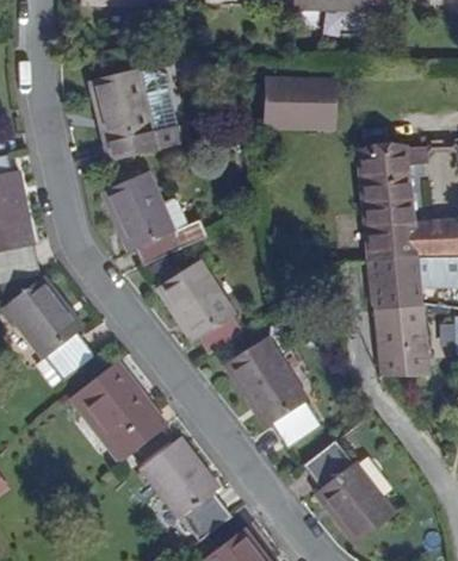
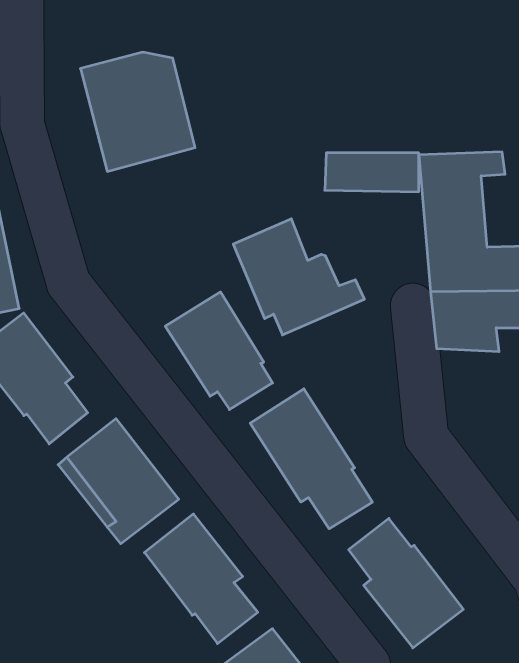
building: [264,93,339,124] -> [325,153,419,192]
building: [101,172,206,264] -> [233,219,364,335]
building: [373,304,429,375] -> none

